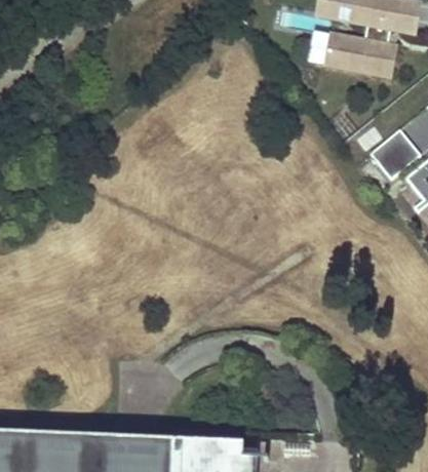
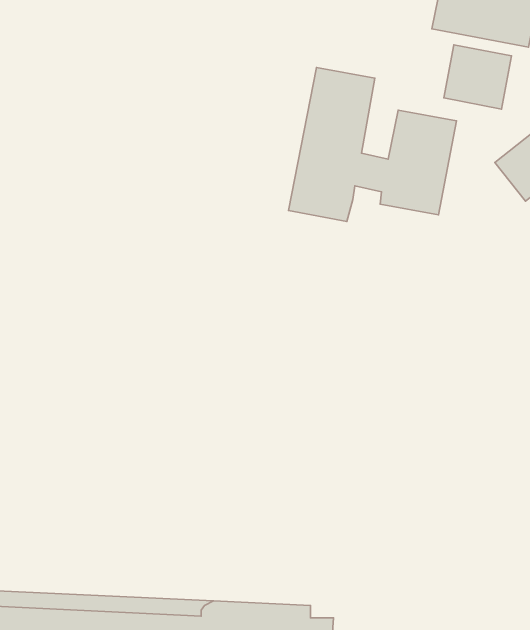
building: none -> [444,45,512,109]
building: none -> [289,67,456,221]

